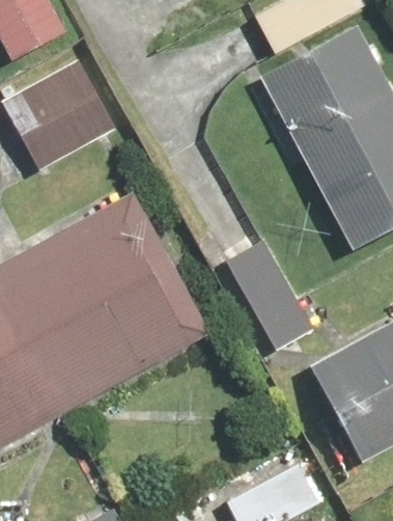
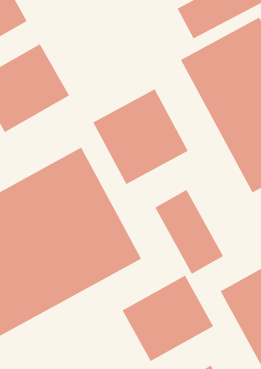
building: none -> [92,88,189,185]
building: none -> [122,275,214,362]

